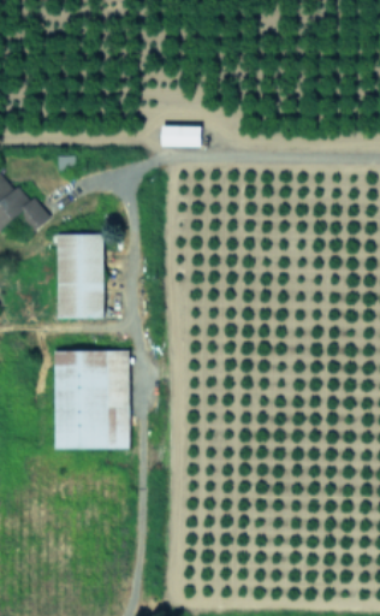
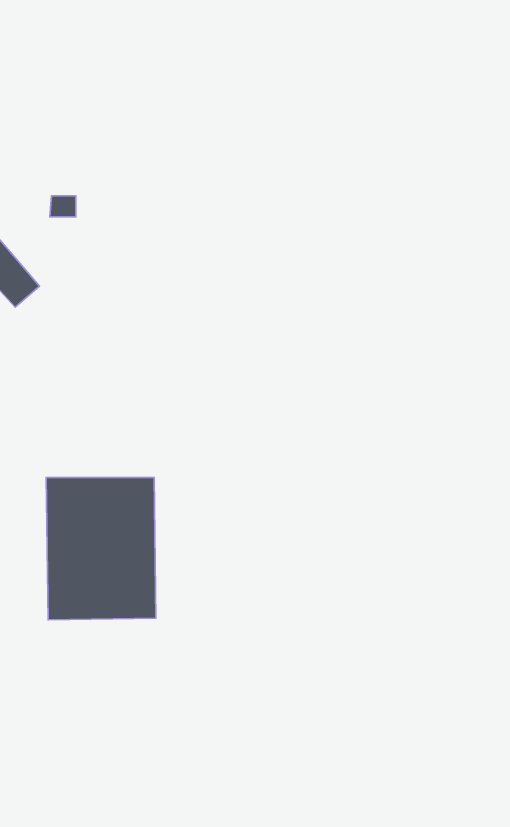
building: [161,125,201,146] -> none
building: [57,233,105,318] -> none

